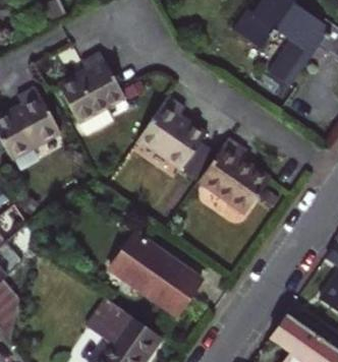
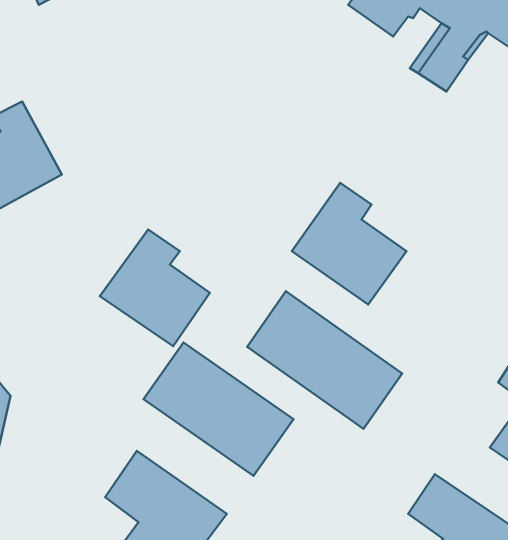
building: [57,51,125,123] -> none
building: [137,96,205,167] -> [100,230,210,346]
building: none -> [247,291,402,429]

